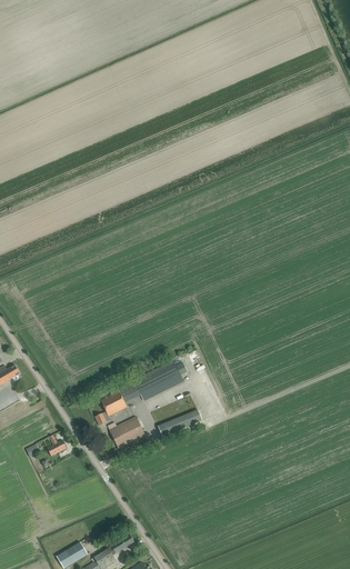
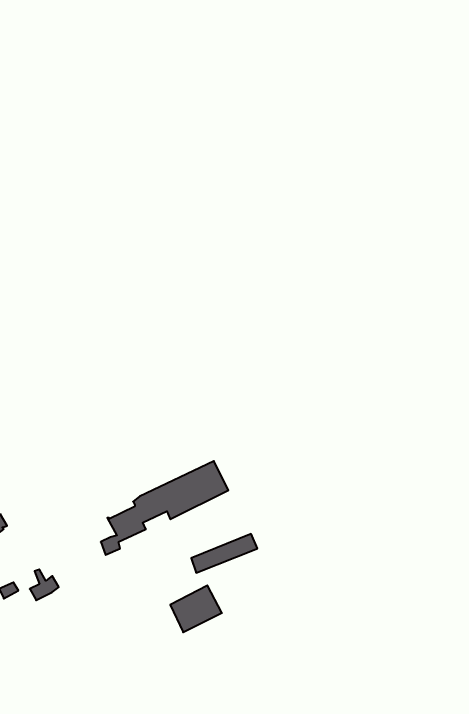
building: [109,417,144,449] -> [170,585,222,632]

